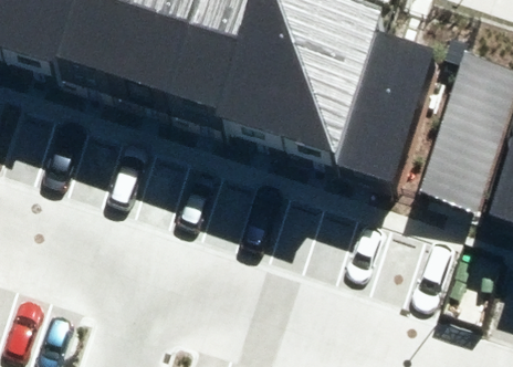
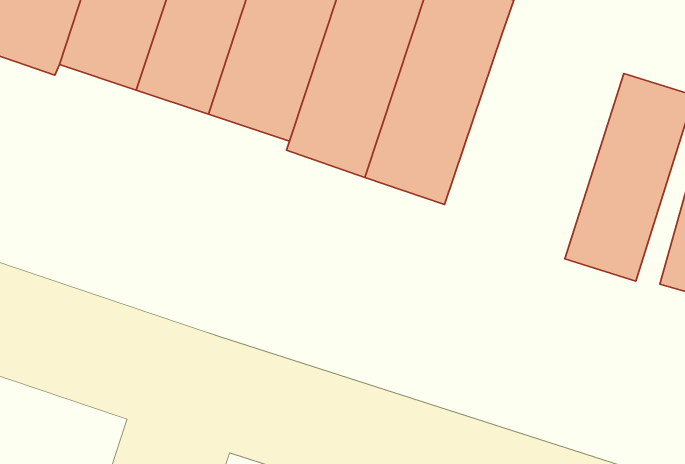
building: [329,32,435,178] -> none

